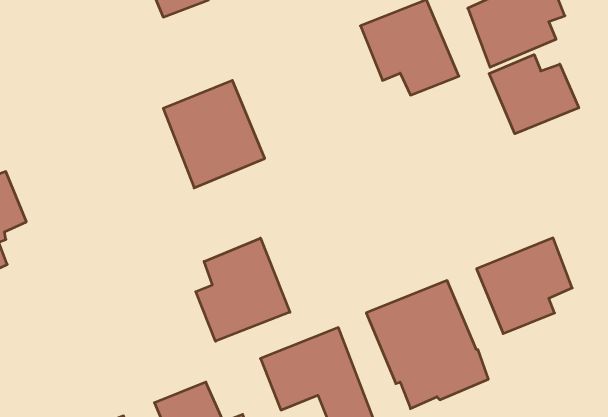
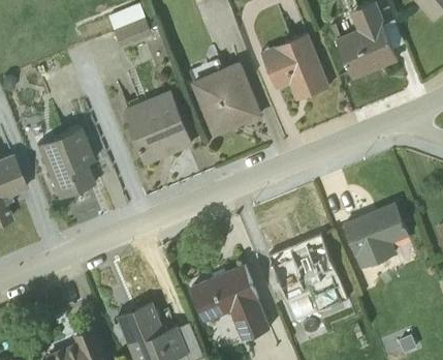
building: none -> [189,62,262,138]
building: [489,55,579,134] -> none
building: none -> [34,127,94,200]
building: [196,238,290,341] -> none

